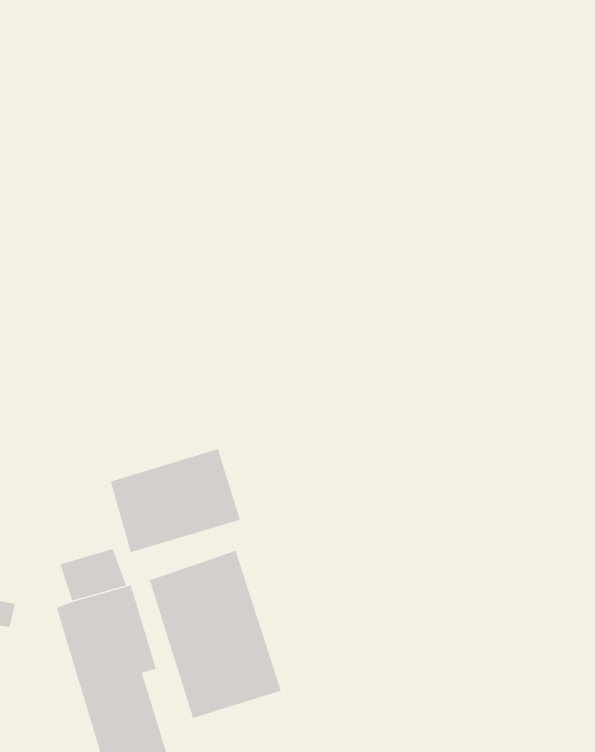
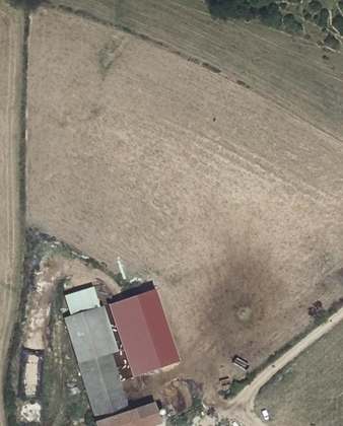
building: [110,448,241,553] -> none

